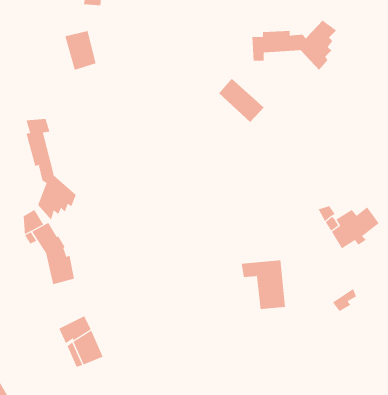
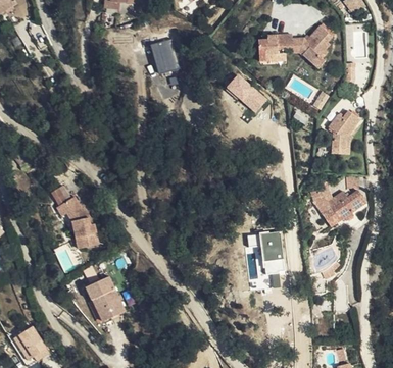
building: [65,30,97,71] -> [151,40,179,74]
building: none -> [327,109,360,149]
building: [26,118,77,221] -> none

